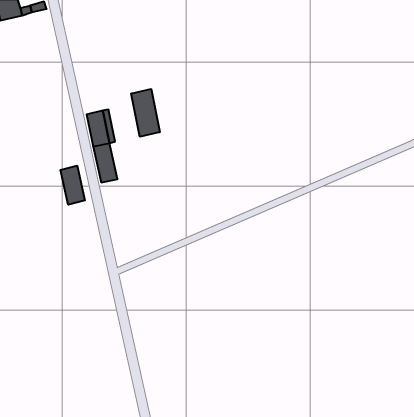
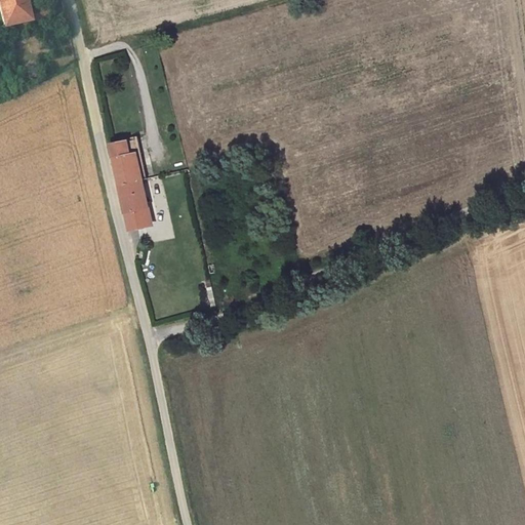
building: [131,89,160,137] -> none
building: [60,166,85,205] -> none

